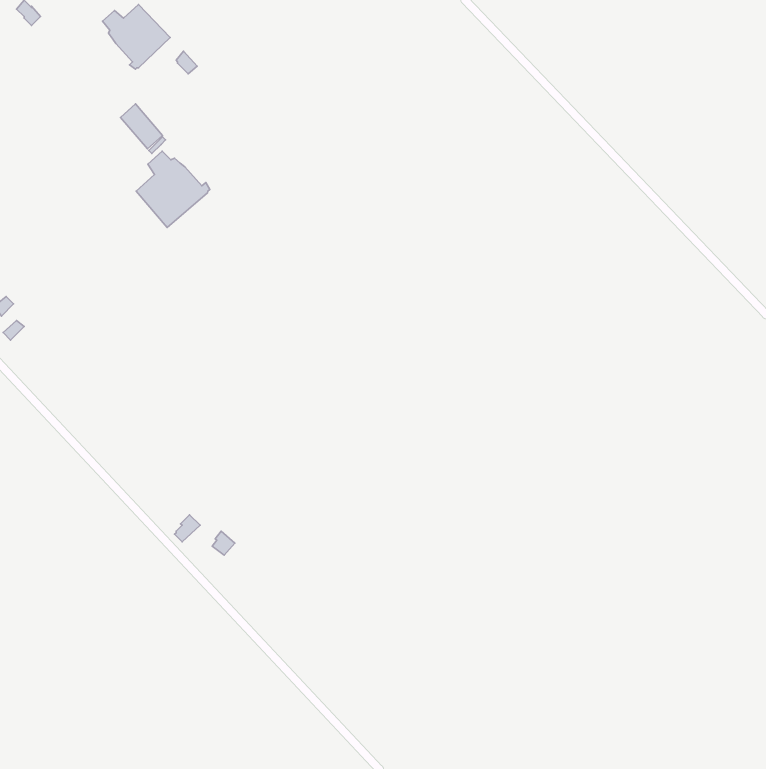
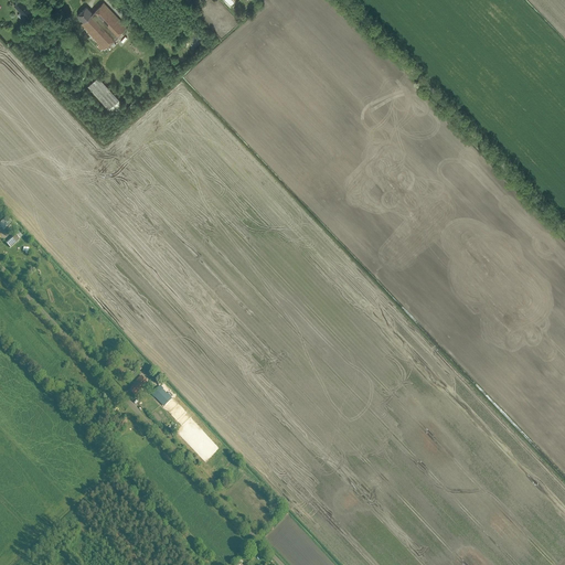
building: [136,151,210,227] -> none

